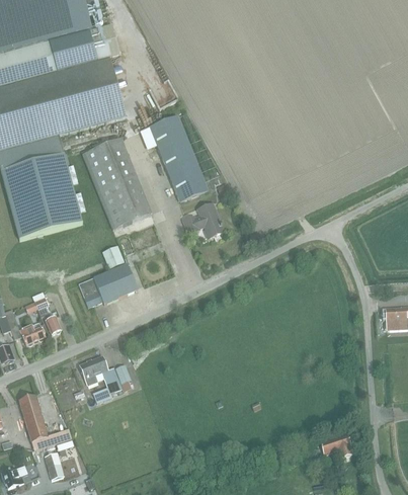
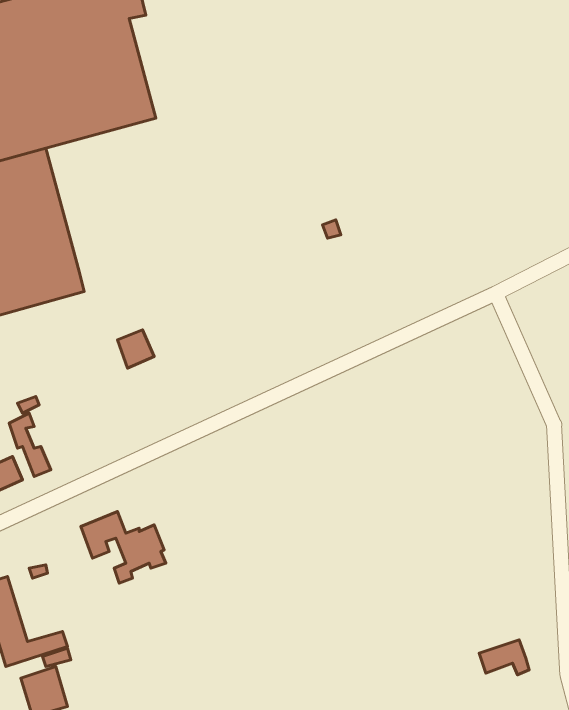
building: [148,115,207,202] -> none
building: [91,139,150,225] -> none
building: [181,203,223,239] -> none
building: [77,262,137,306] -> none

